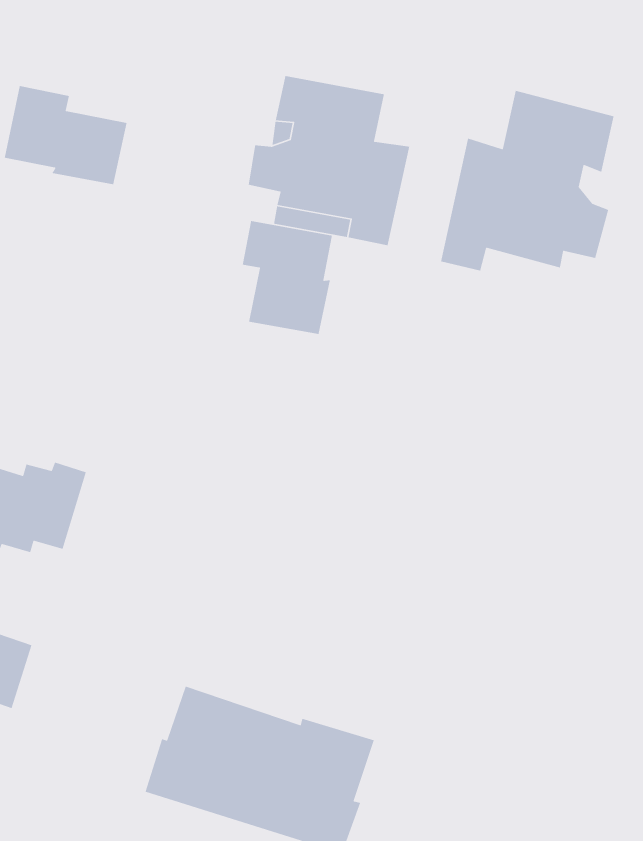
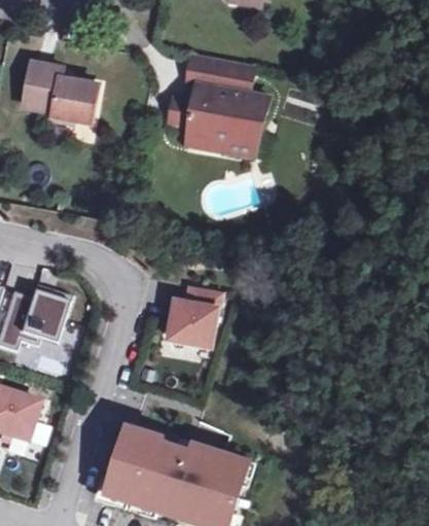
building: [440,90,614,271] -> none
building: [242,220,333,335] -> none
building: none -> [169,285,221,346]

